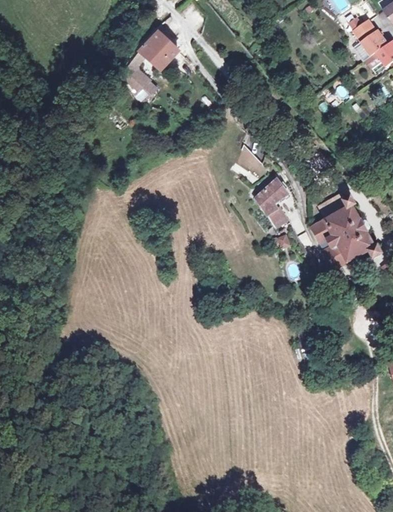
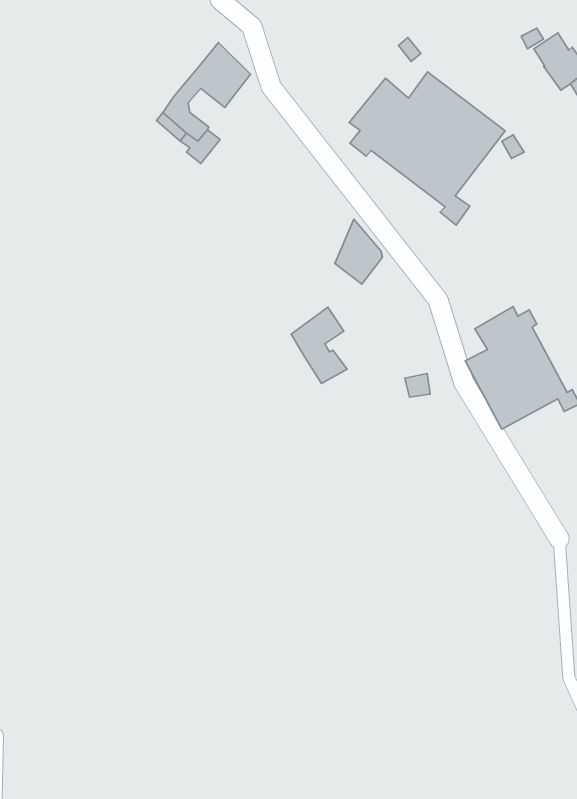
building: none -> [349,72,505,225]
building: [250,177,285,225] -> [291,307,347,384]

